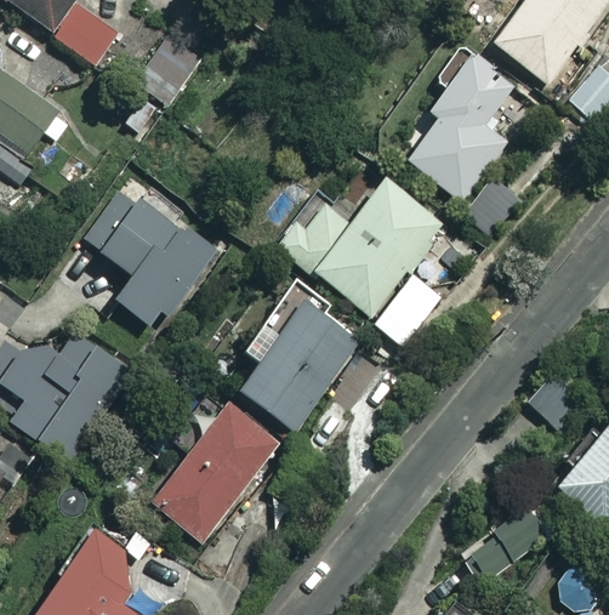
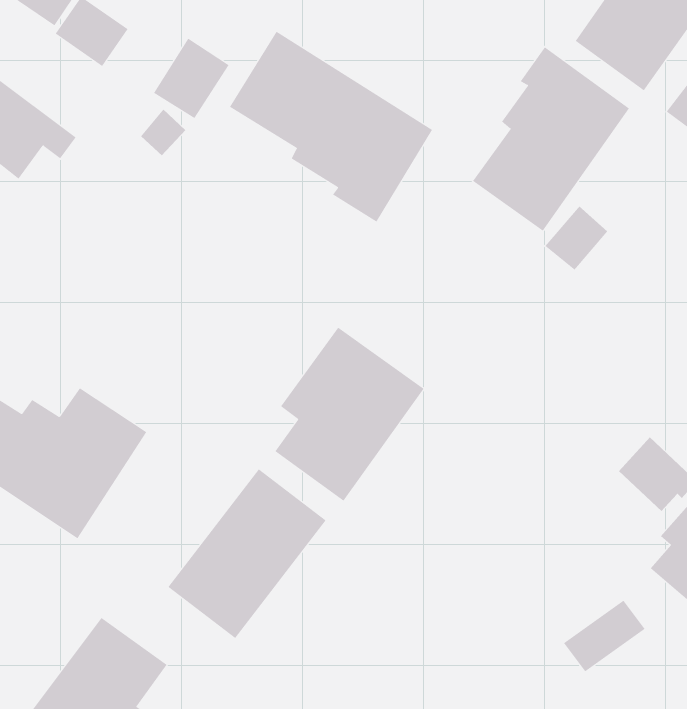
building: none -> [229,31,433,223]
building: [274,177,444,344] -> none
building: [81,181,217,332] -> none

